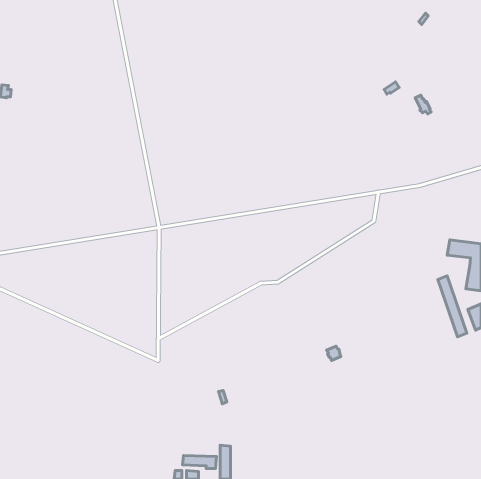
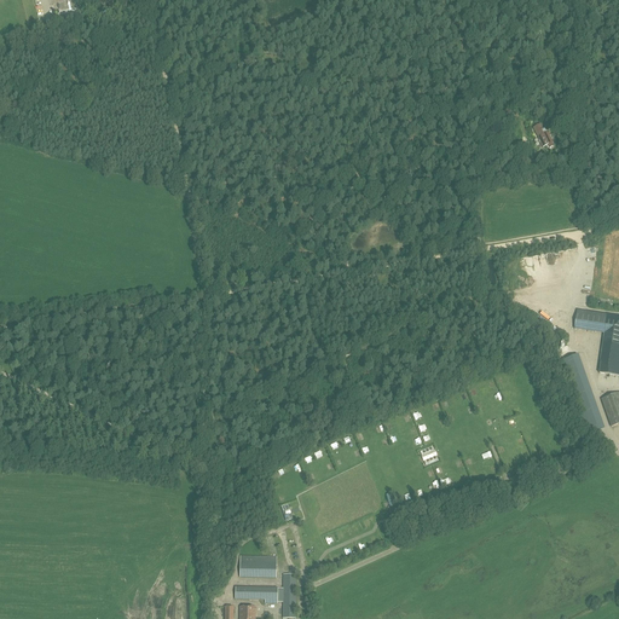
building: none -> [241,554,277,577]

